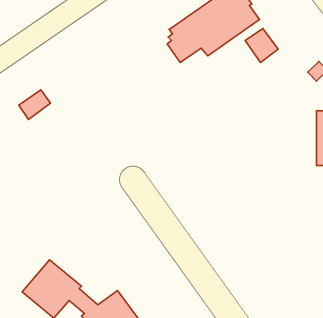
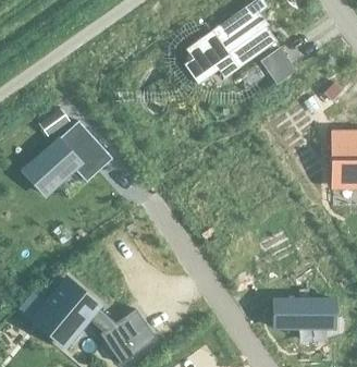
building: none -> [29,121,111,189]
building: none -> [274,299,332,328]

